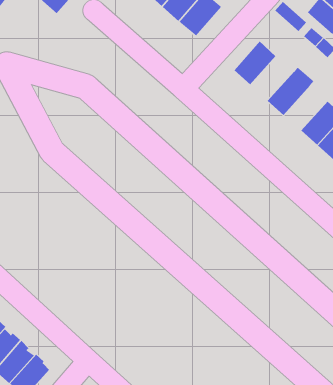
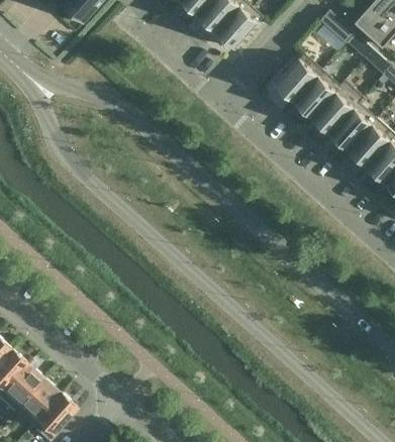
building: none -> [292,71,339,119]
building: none -> [328,103,376,151]

